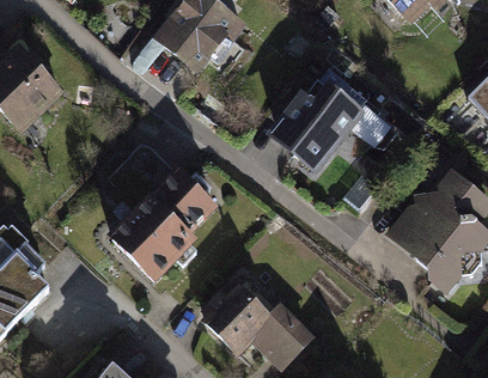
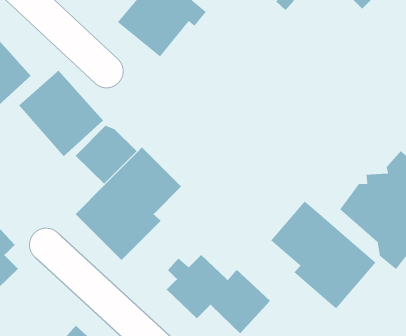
building: [264,69,396,178] -> none
building: none -> [18,70,104,157]
building: none -> [270,200,377,309]

